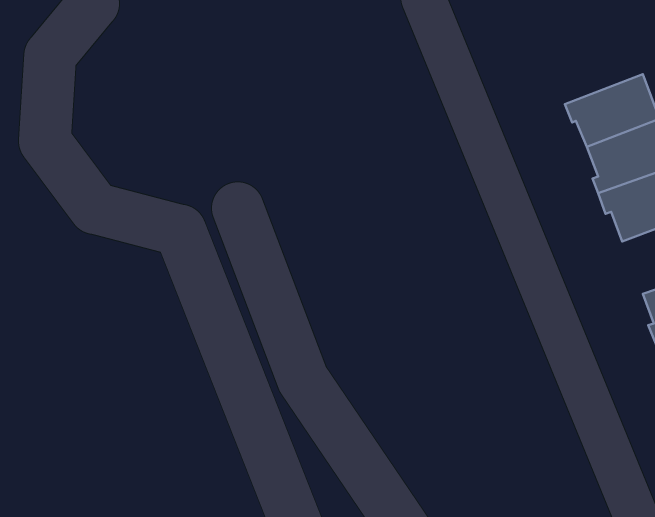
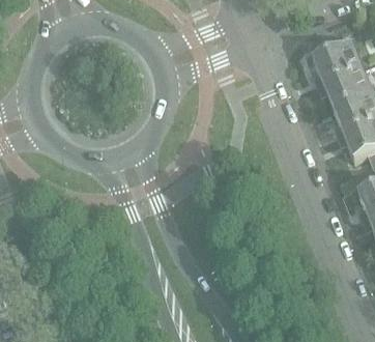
building: none -> [311,31,362,80]

